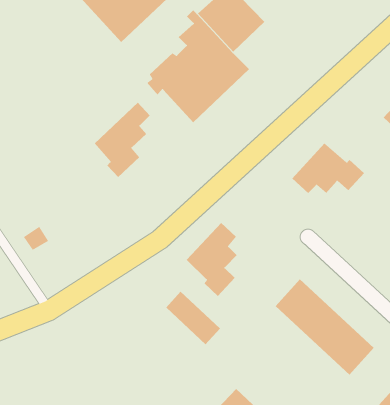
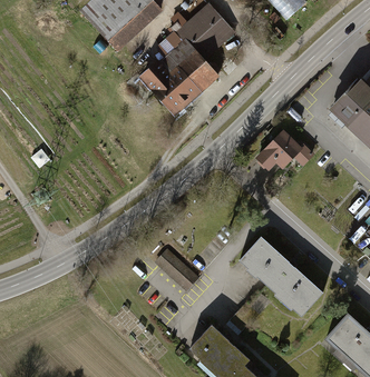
building: [94,102,151,178] -> none
building: [186,222,238,297] -> none

